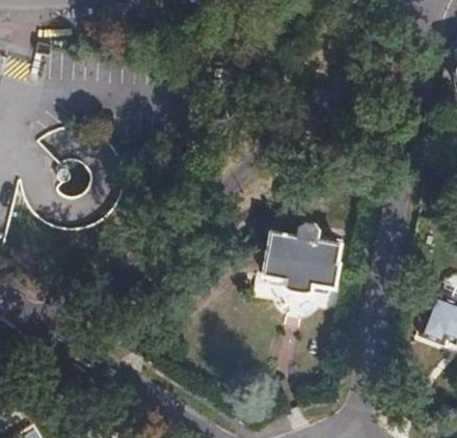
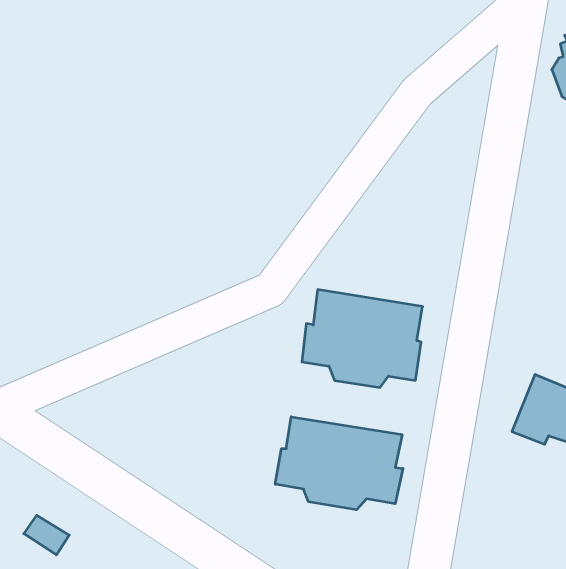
building: none -> [275,417,403,510]

